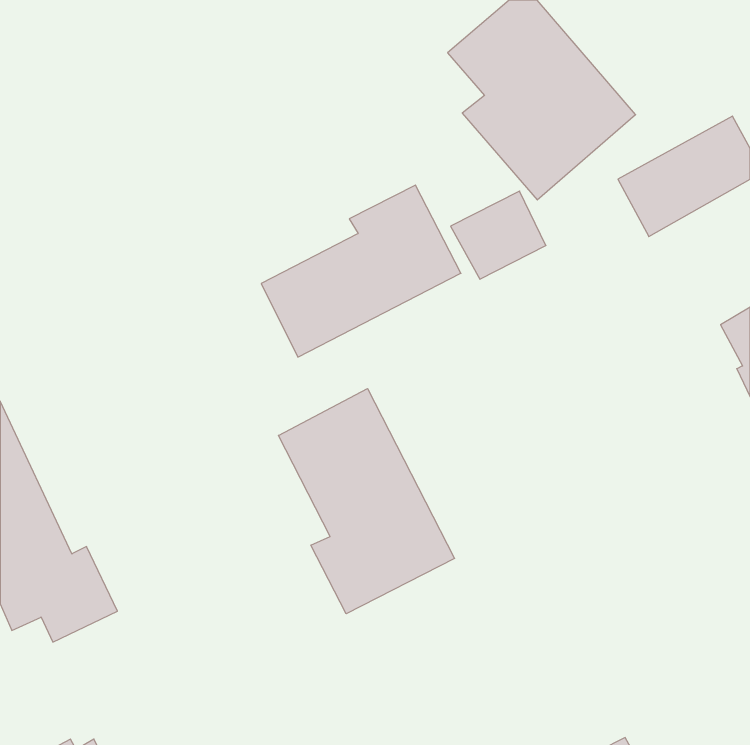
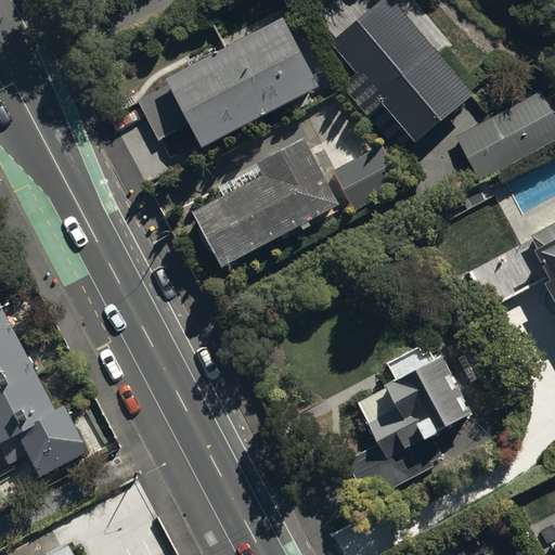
building: none -> [139,13,320,145]
building: [278,389,455,614] -> none
building: none -> [348,349,474,507]

